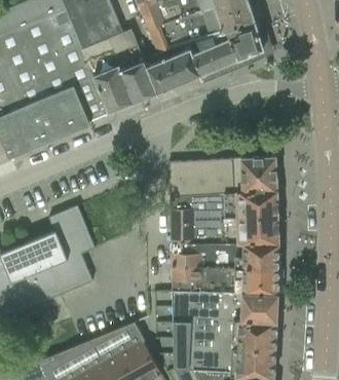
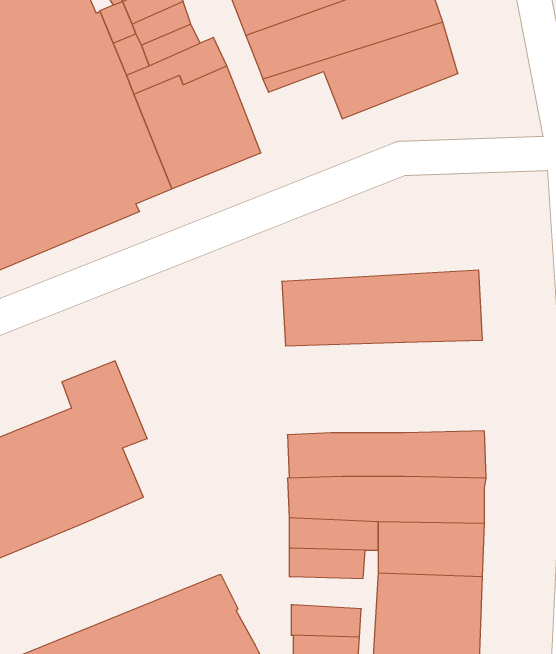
building: [146,49,200,93] -> none
building: [170,195,277,246] -> none
building: [172,324,212,341] -> none

